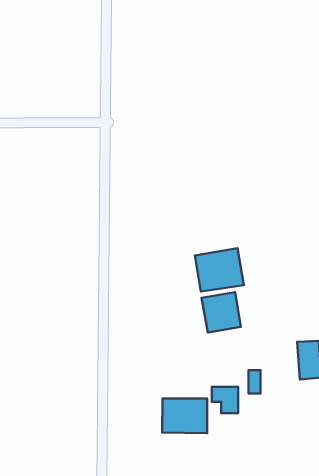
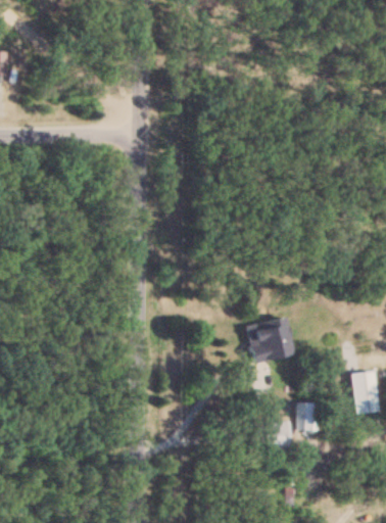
building: [195,248,244,292] -> none
building: [162,398,207,433] -> none

